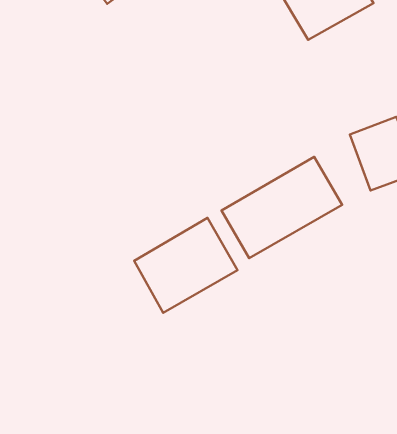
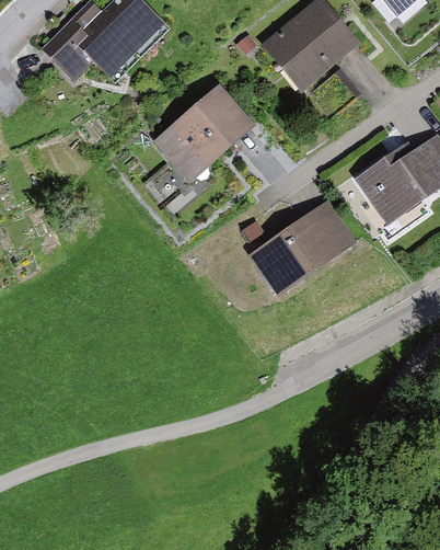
building: none -> [146,98,252,196]
building: [134,218,237,313] -> none

